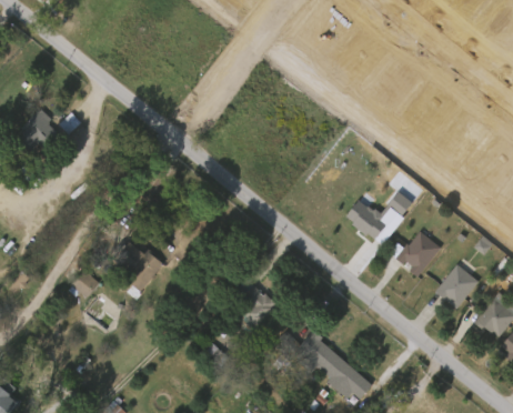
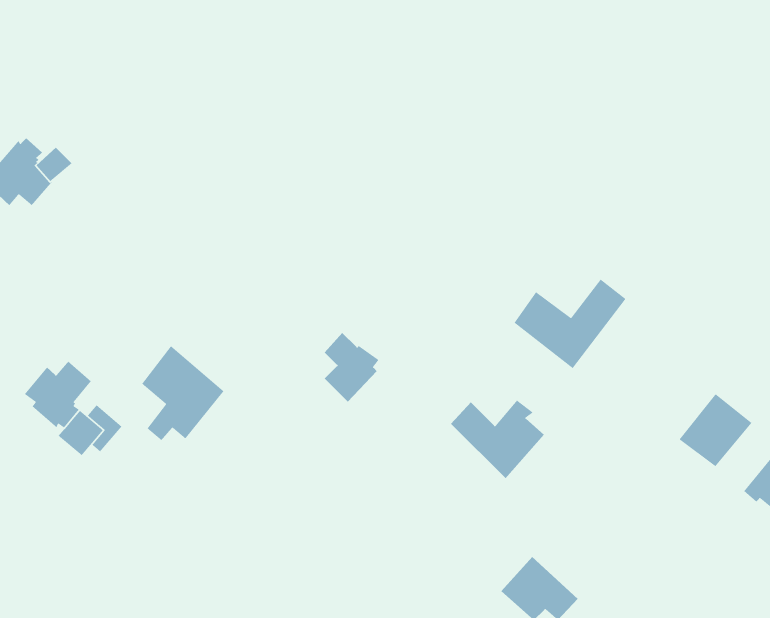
building: [394,230,440,275] -> none
building: none -> [24,361,92,429]
building: [243,285,276,328] -> [324,332,379,402]
building: [276,330,333,377] -> [450,400,545,479]

